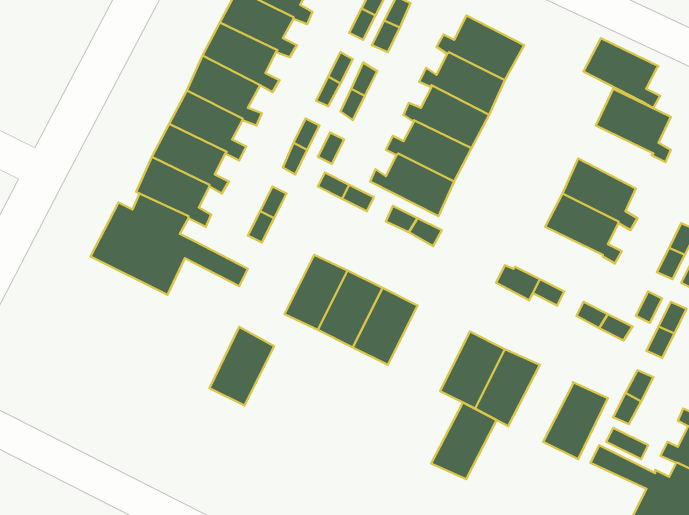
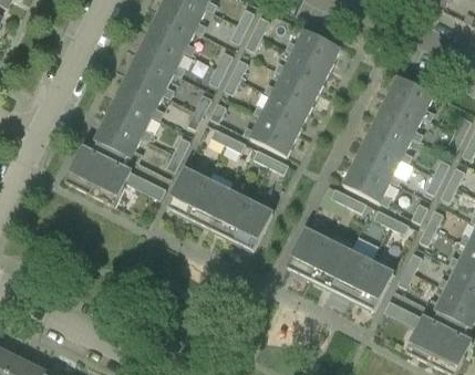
building: [583,38,660,108] -> [375,97,424,142]
building: none -> [343,162,392,206]
building: [209,327,274,406] -> [167,167,208,217]
building: [431,402,496,479] -> [331,249,372,298]

